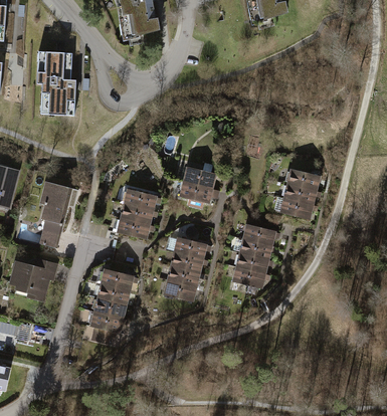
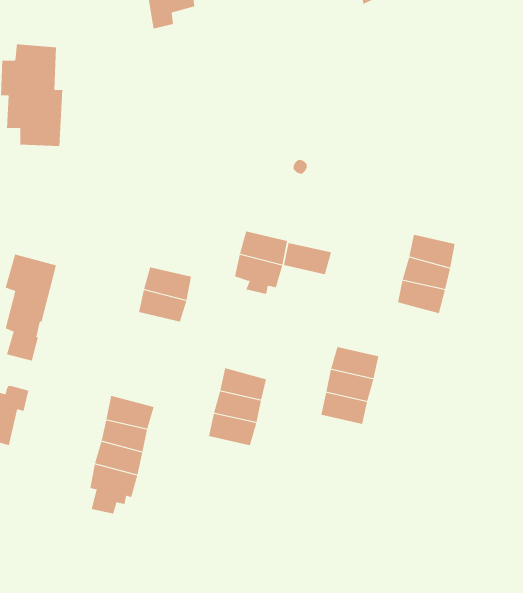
building: [118,217,148,238] -> none
building: [244,224,274,244] -> [283,242,332,275]
building: [175,237,205,258] -> none

